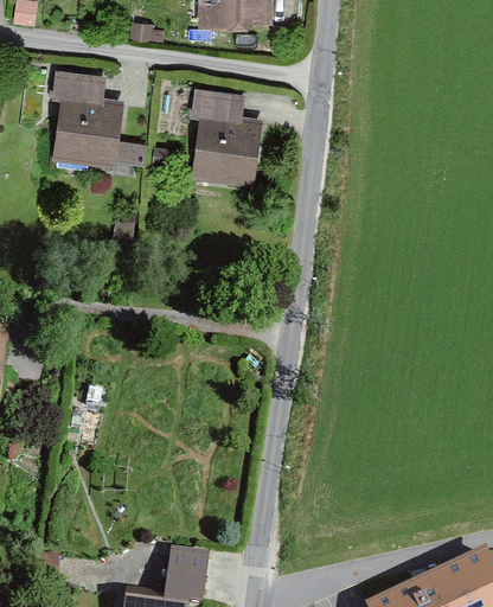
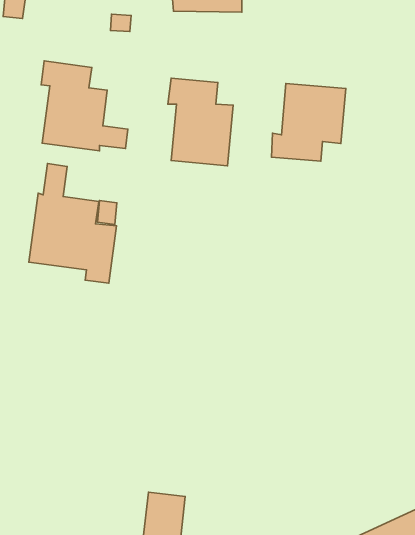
building: none -> [271,84,346,161]
building: none -> [29,163,116,283]

